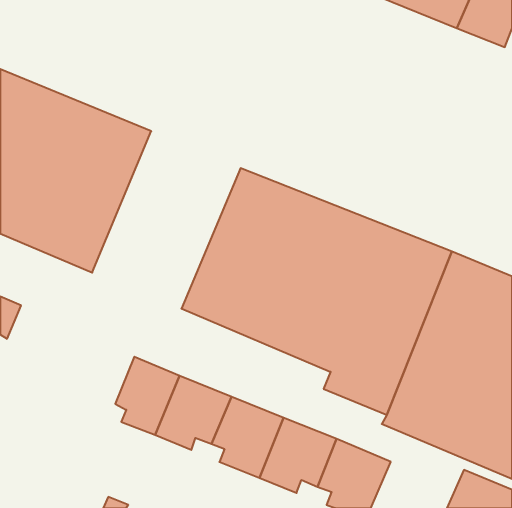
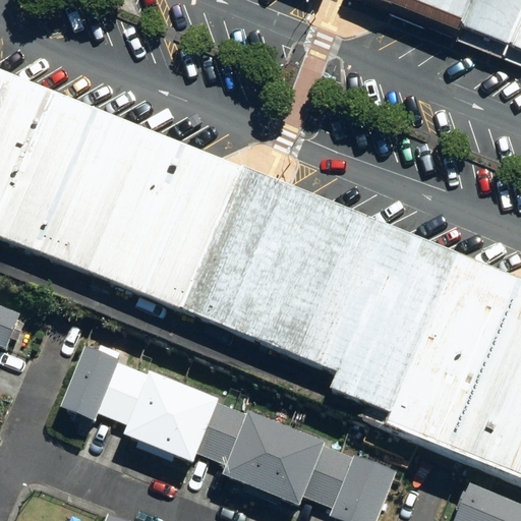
building: none -> [94,133,244,313]
building: none -> [60,341,136,417]

